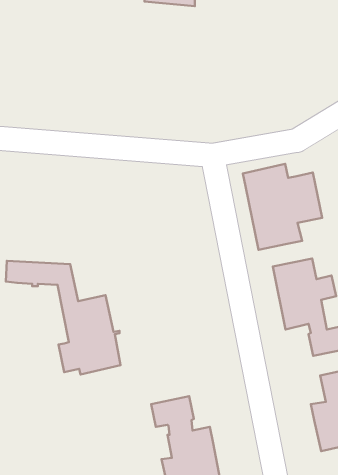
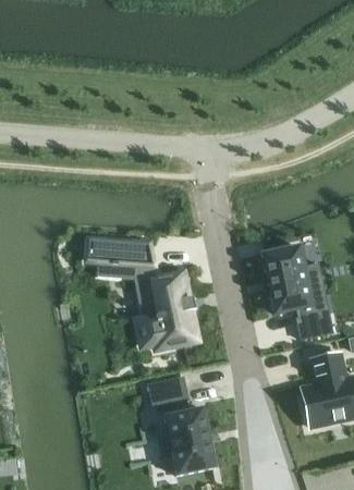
building: [243,164,322,250] -> none
building: [6,261,121,374] -> [87,240,196,347]

